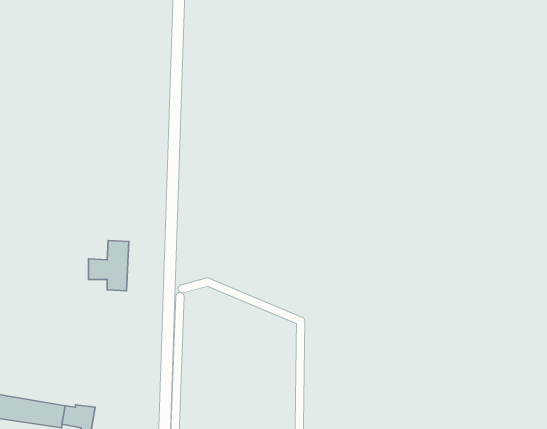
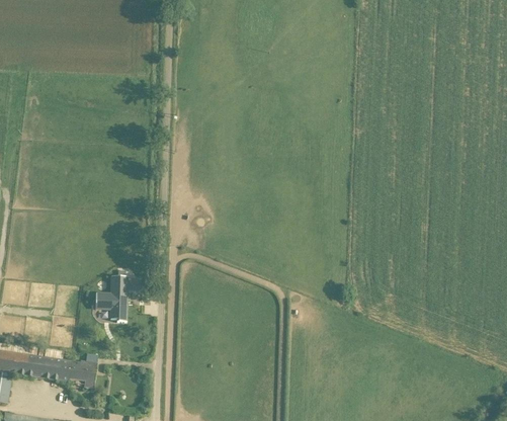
building: [89,240,129,291] -> [95,275,131,320]

